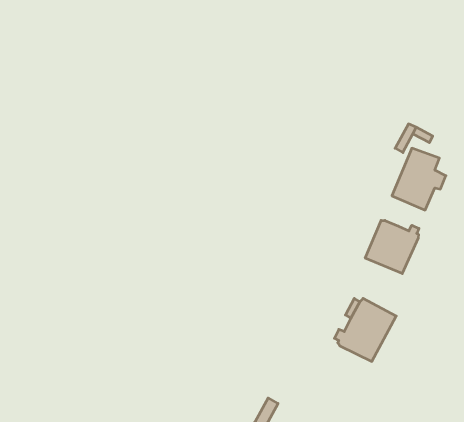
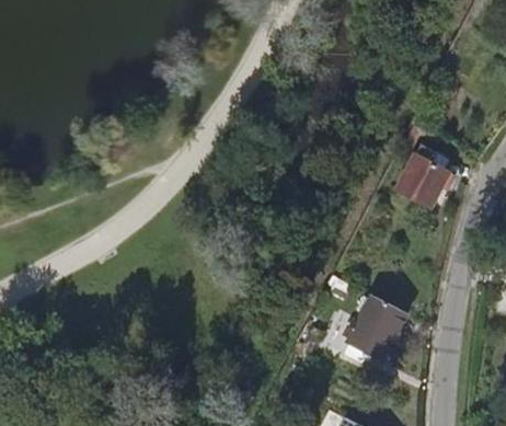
building: [365,220,419,274] -> none

